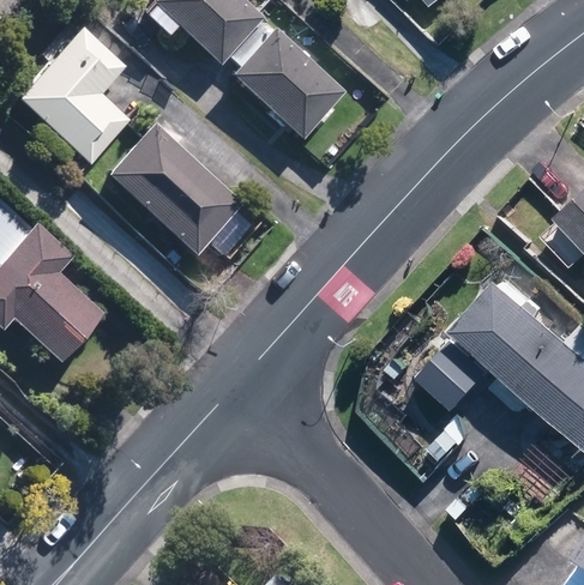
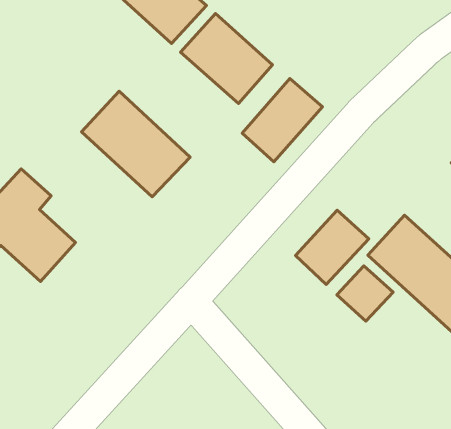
building: [18,28,131,165] -> none
building: none -> [242,78,323,162]
building: none -> [295,210,369,284]

